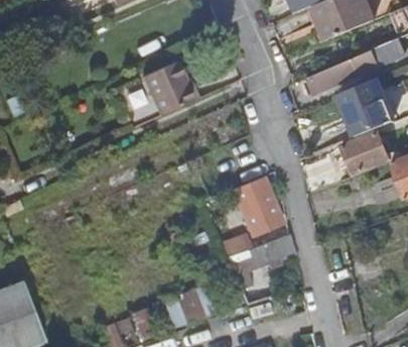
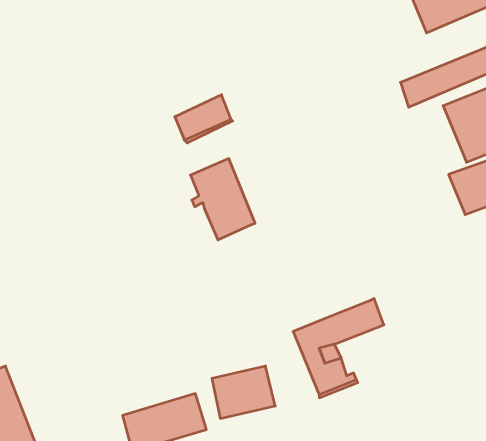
building: [133,65,176,101] -> none
building: [235,178,282,237] -> [190,159,255,240]

